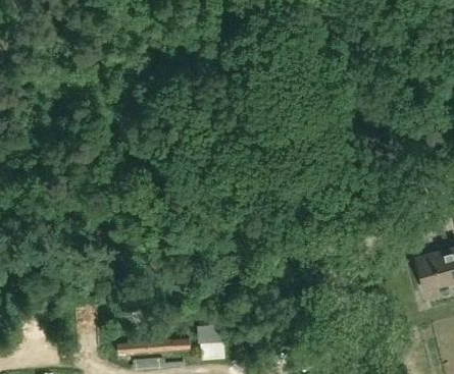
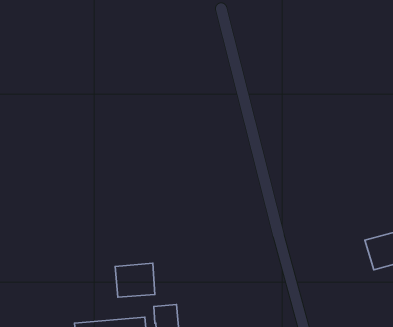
building: none -> [115,263,155,297]

